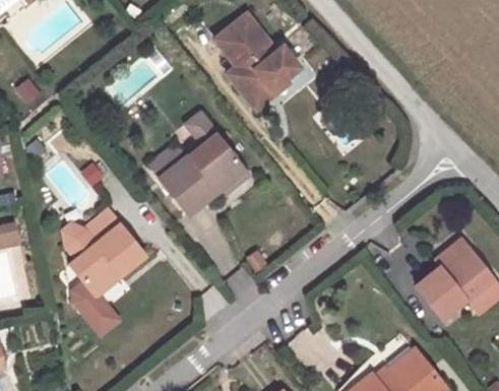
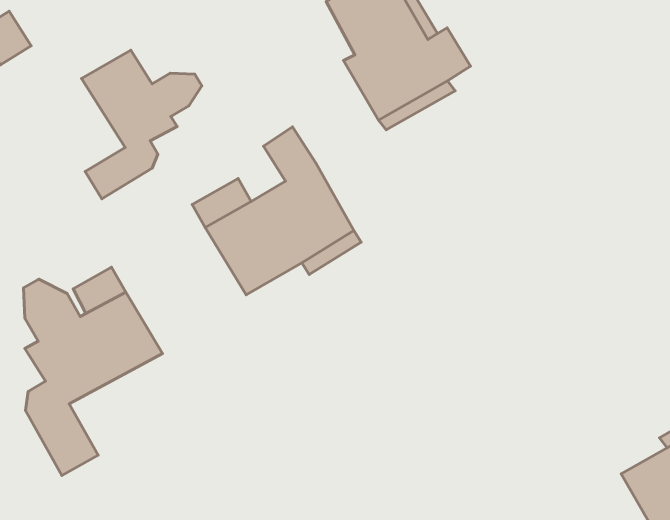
building: none -> [82,50,202,199]

